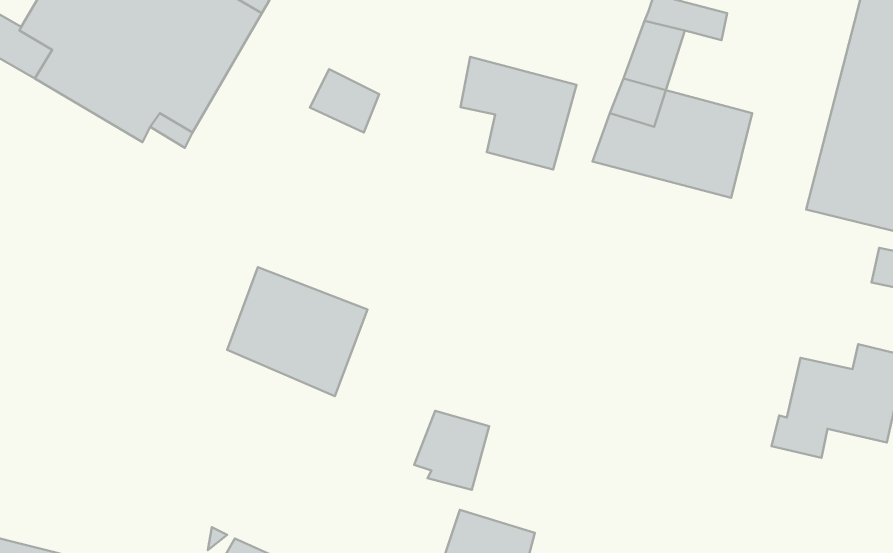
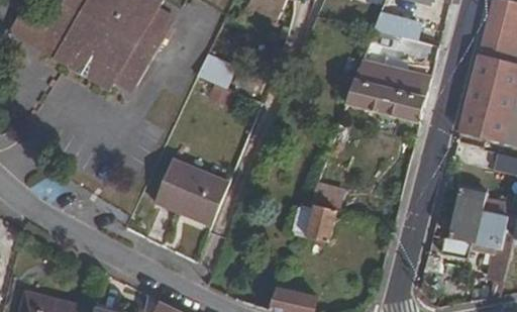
building: [461,57,576,169] -> none
building: [414,411,489,490] -> [298,201,337,242]

